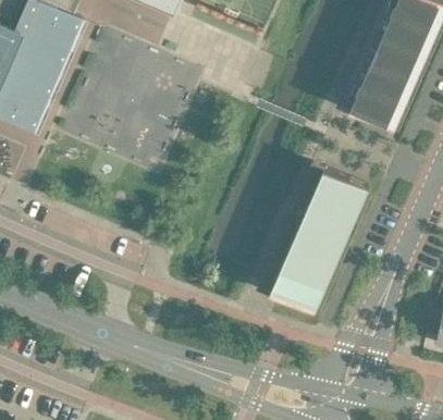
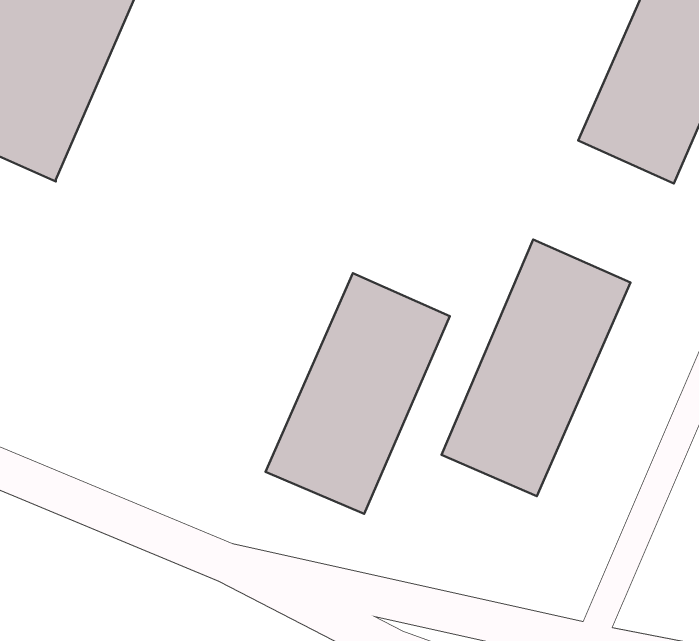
building: none -> [266,273,450,514]

